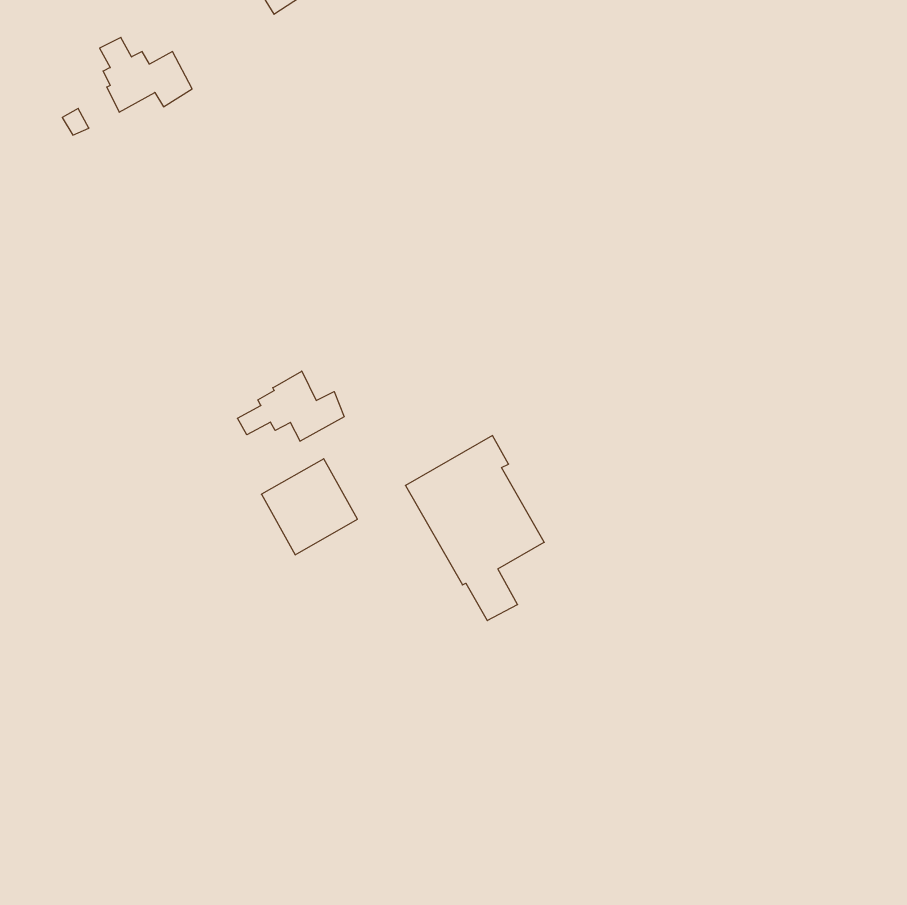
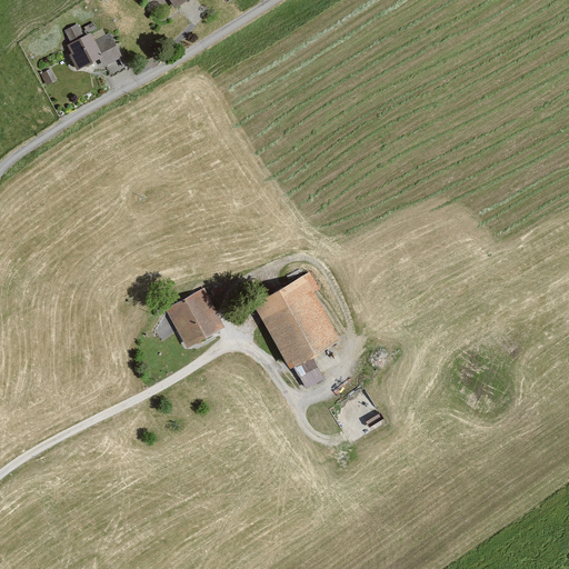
building: [237,371,344,441] -> none

